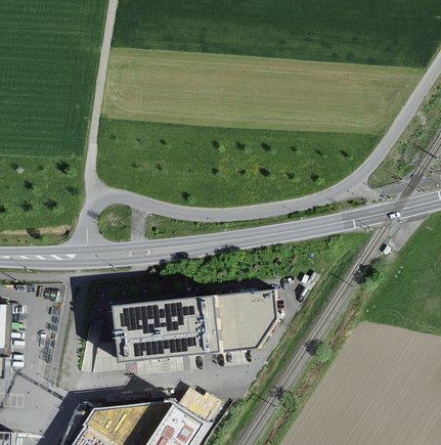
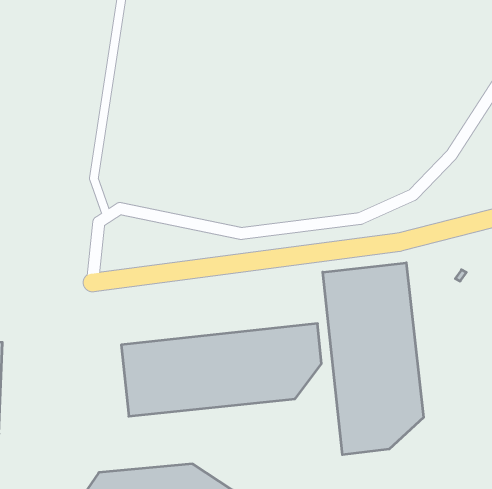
building: none -> [323,263,424,455]

